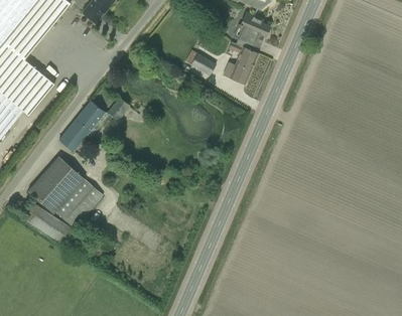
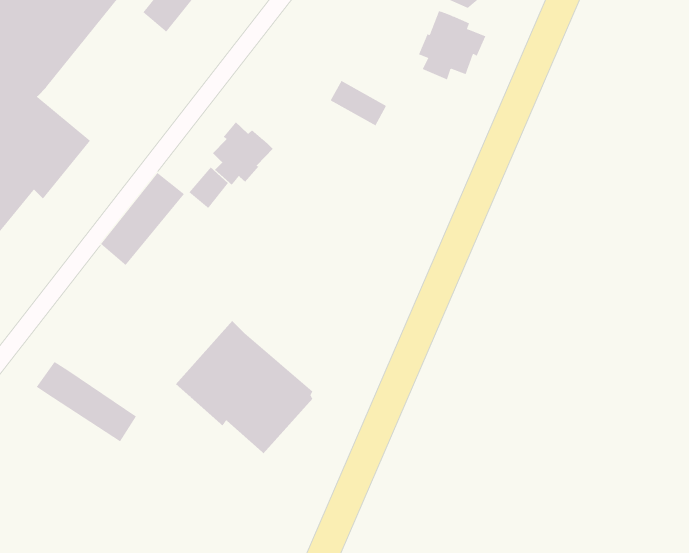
building: [223,41,258,84] -> none
building: none -> [212,122,273,186]
building: [27,155,103,228] -> [175,320,313,454]

